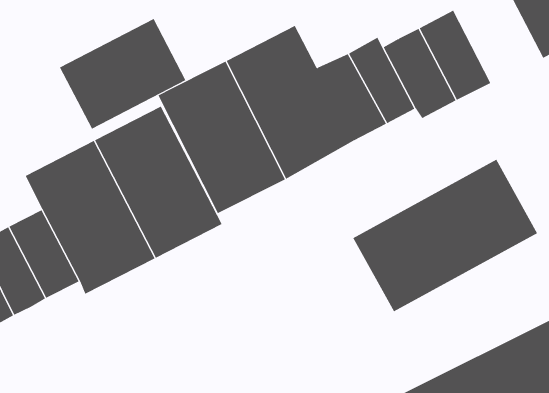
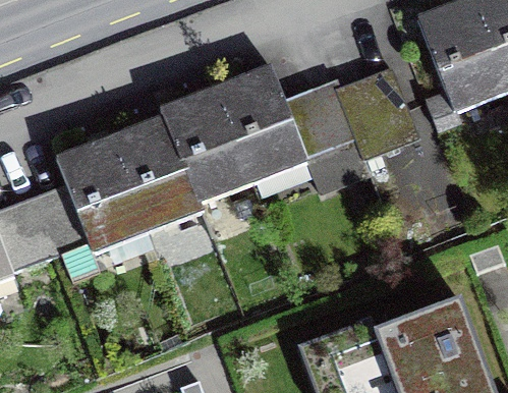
building: [59,18,186,129] -> none
building: [352,159,538,312] -> none

